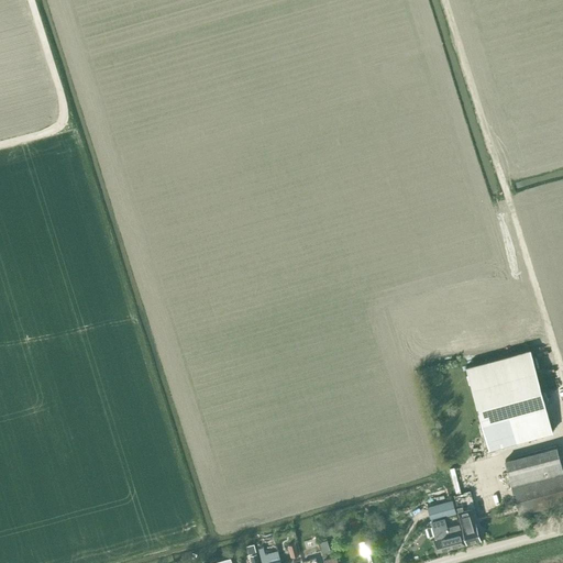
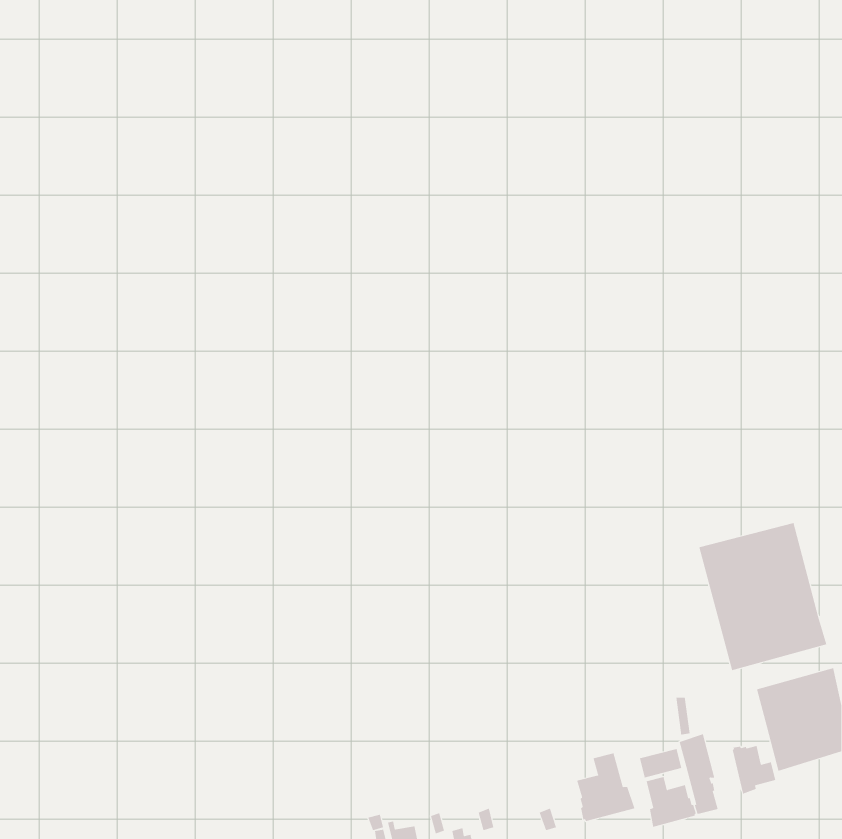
building: none -> [732,745,776,794]
building: none -> [577,753,635,822]

